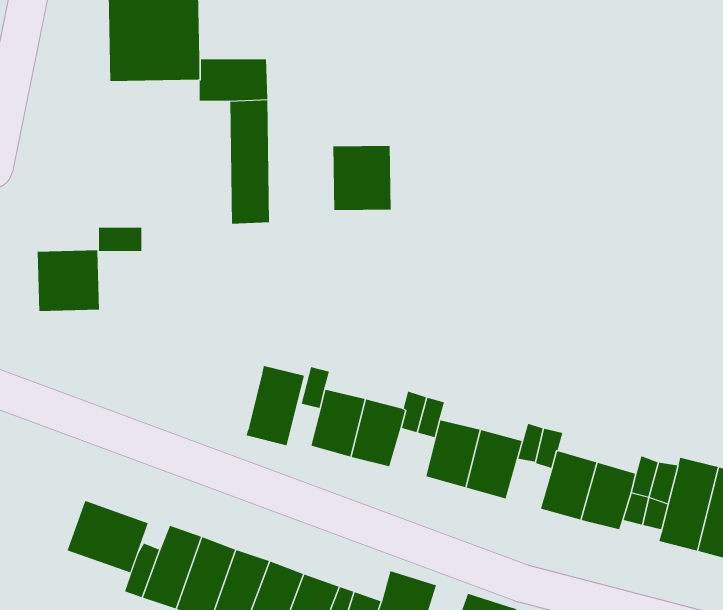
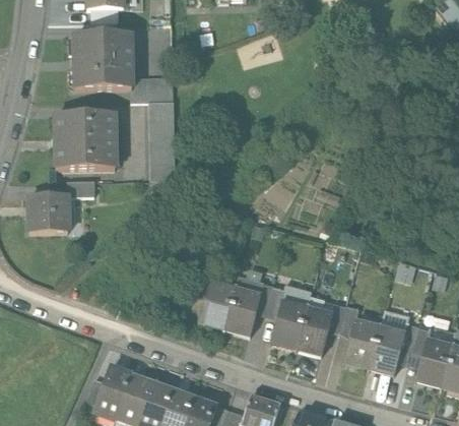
building: none -> [55,111,115,167]
building: [333,145,391,211] -> none
building: [246,365,304,446] -> none
building: [67,500,148,573] -> none

